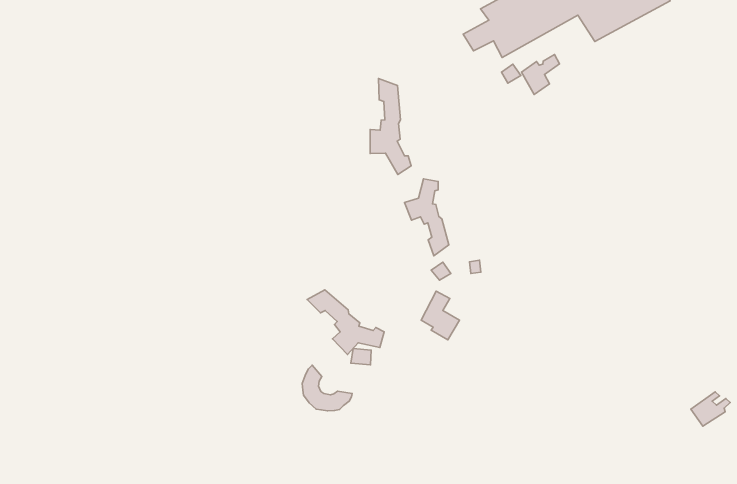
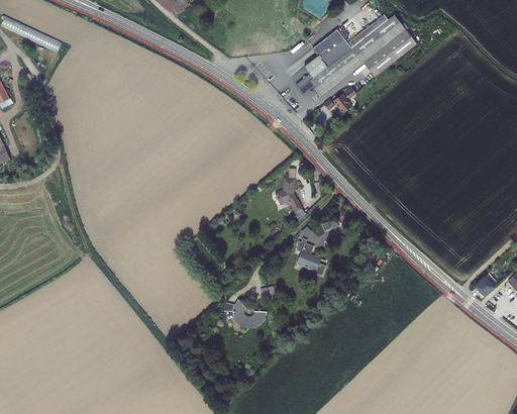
building: [370,78,411,174] -> none
building: [307,290,384,354] -> none

